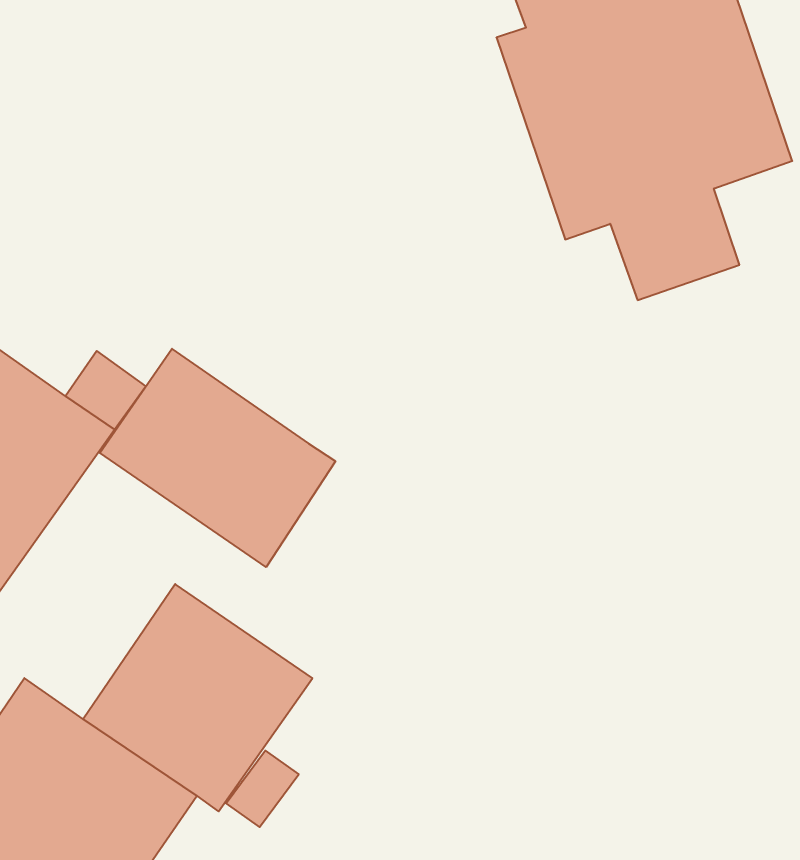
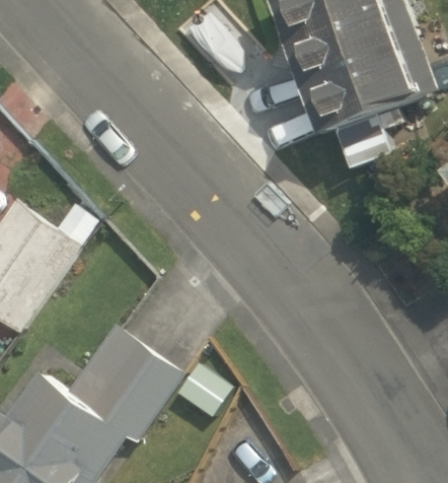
building: [100,349,335,567] -> none

